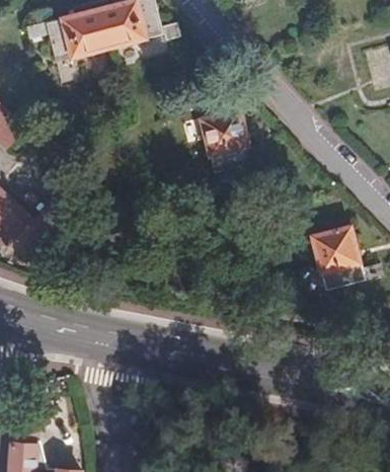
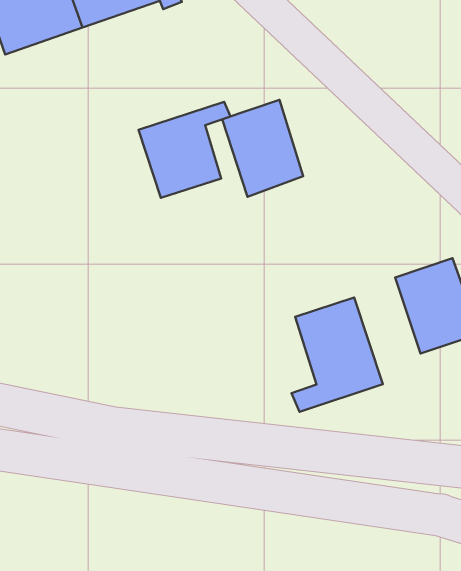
building: none -> [139,102,230,198]
building: none -> [292,297,383,412]

